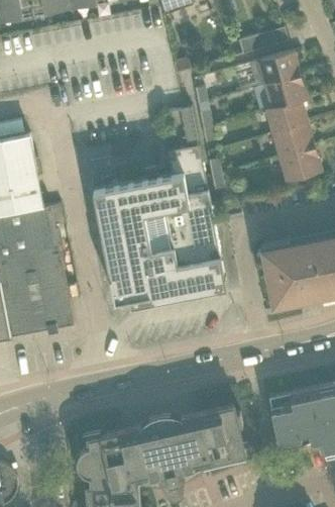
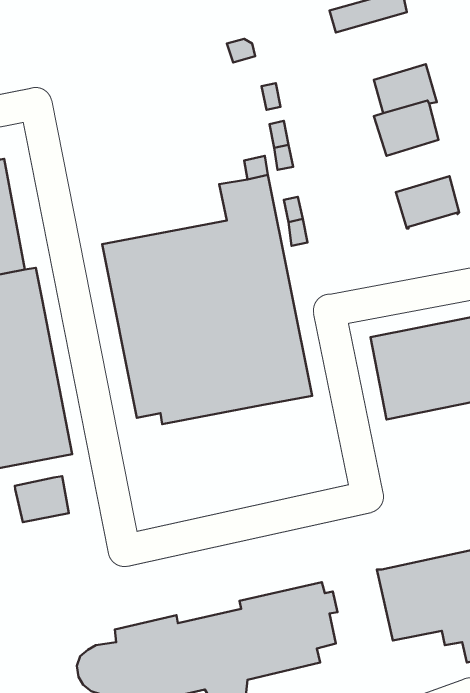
building: [259,50,300,86] -> none
building: [274,124,315,158] -> none
building: none -> [15,476,69,522]

